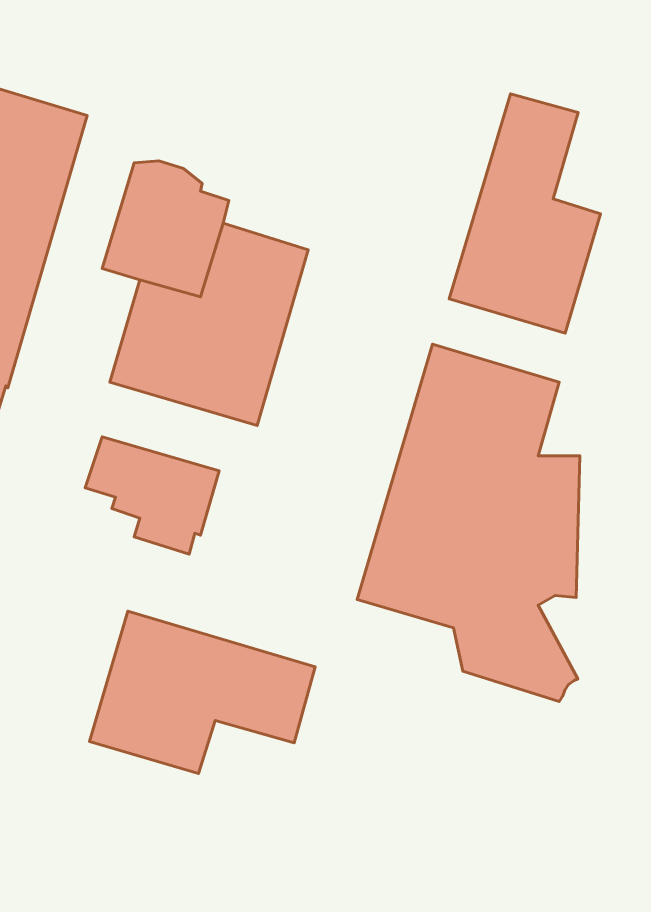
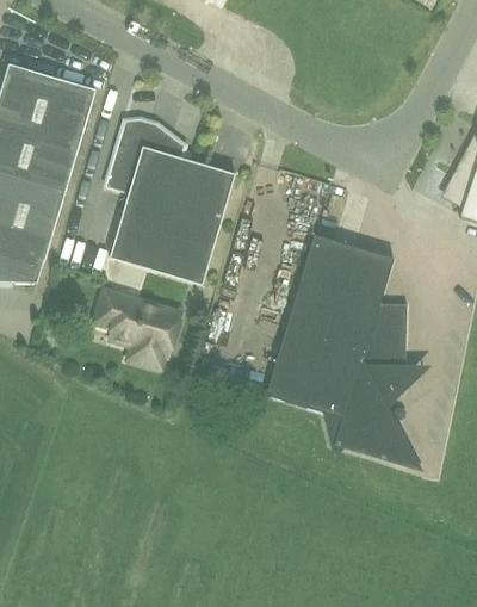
building: [449,94,600,333] -> none
building: [90,611,315,774] -> none

